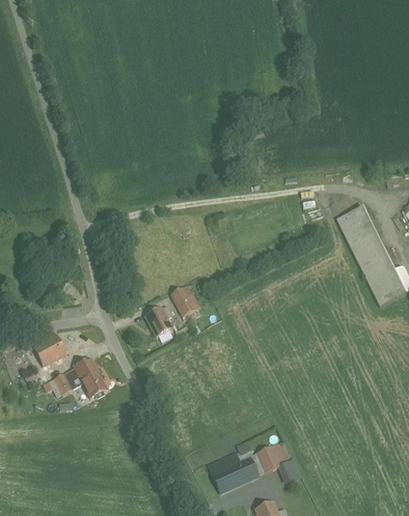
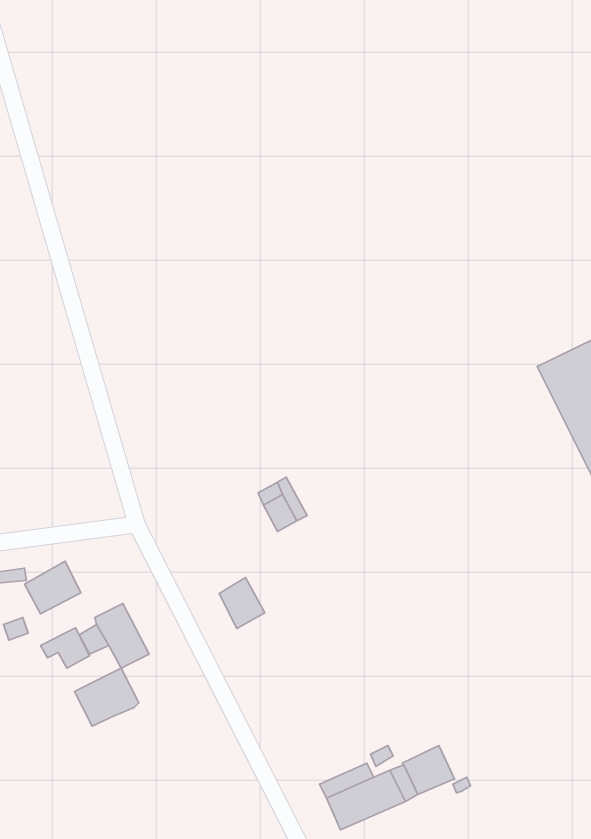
building: [145,307,172,337] -> [219,578,265,628]
building: none -> [74,668,139,726]

